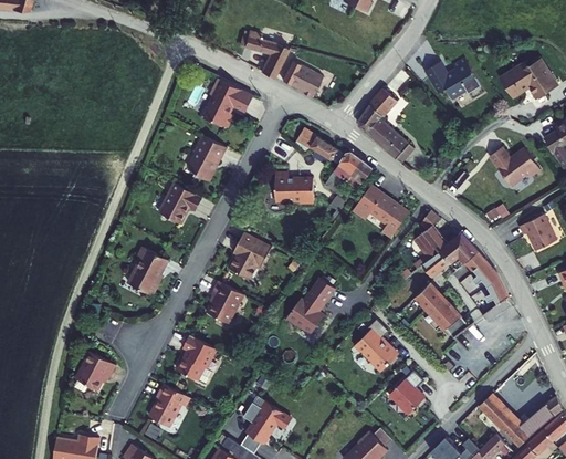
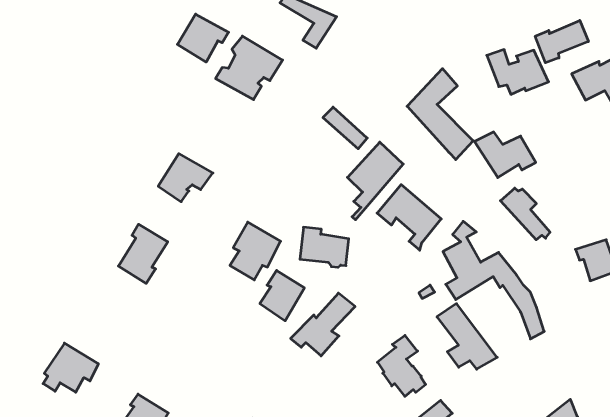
building: none -> [535,20,588,63]
building: none -> [177,14,229,62]
building: [291,62,332,98] -> none
building: [190,133,223,179] -> none
building: [484,146,538,185] -> [475,132,536,178]
building: [265,174,305,205] -> [300,227,349,267]
building: [207,285,243,327] -> [260,270,304,321]
building: [180,340,219,386] -> none

